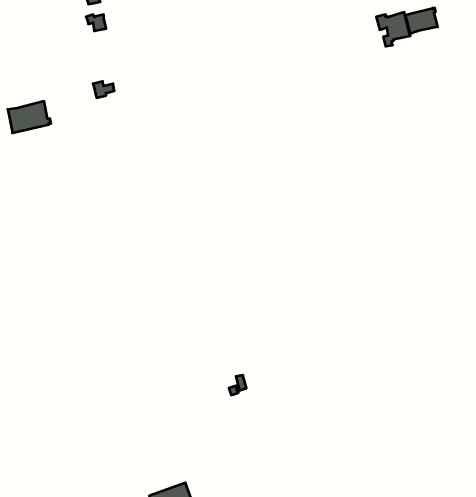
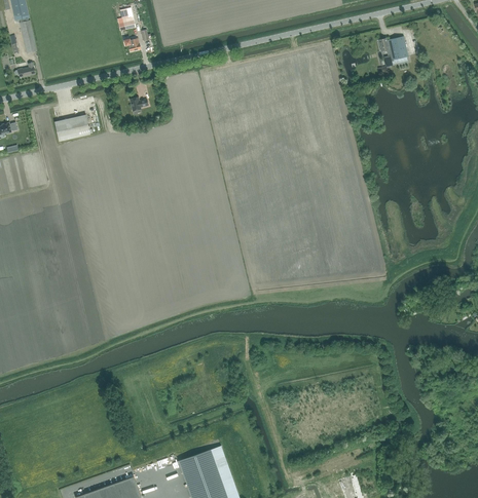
building: [405,8,438,34] -> none

